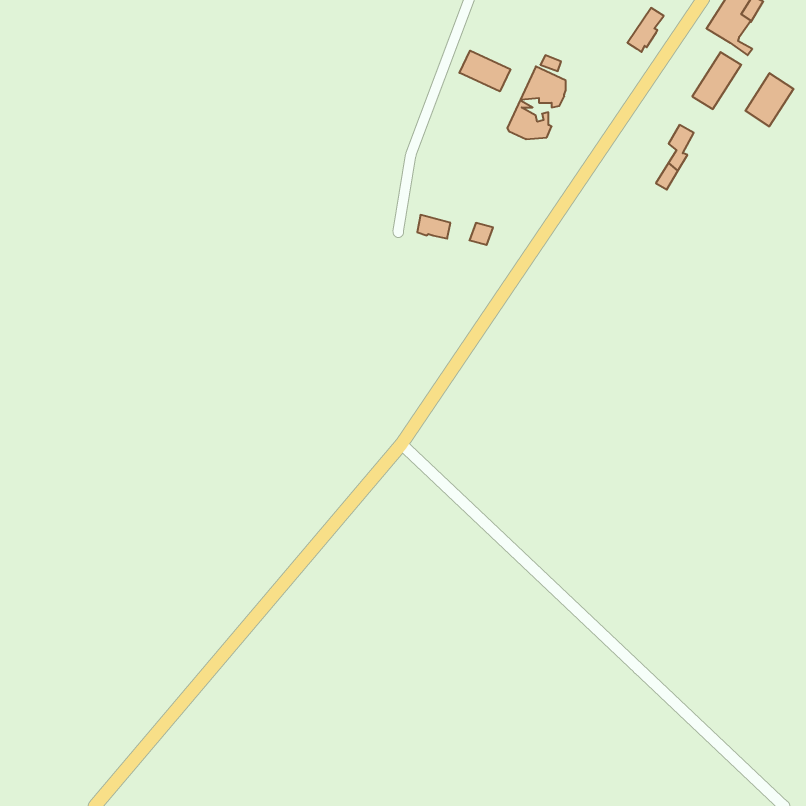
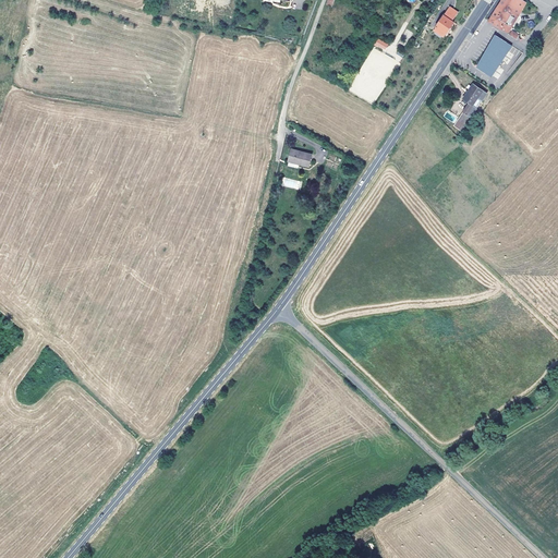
building: [459,51,510,91] -> none
building: [745,73,793,127] -> none

